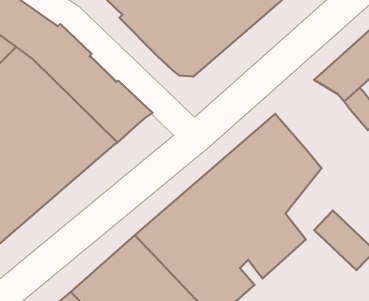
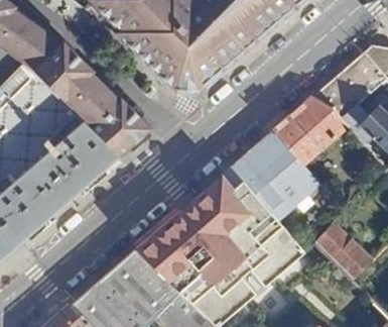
building: none -> [273,97,347,168]

